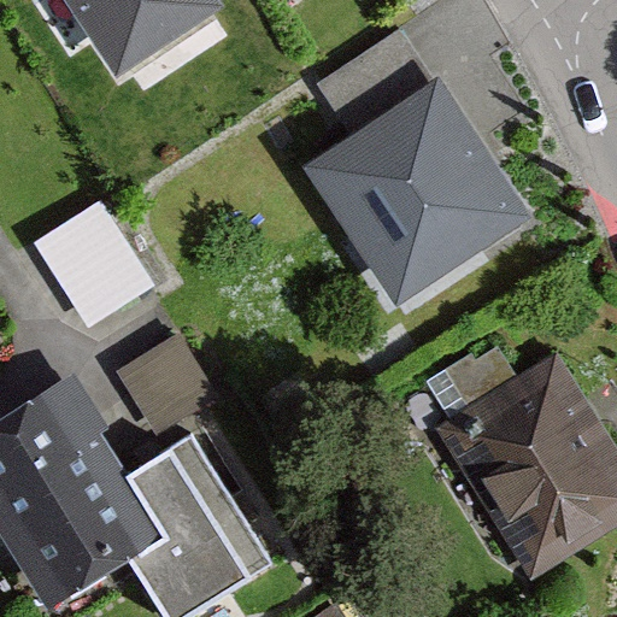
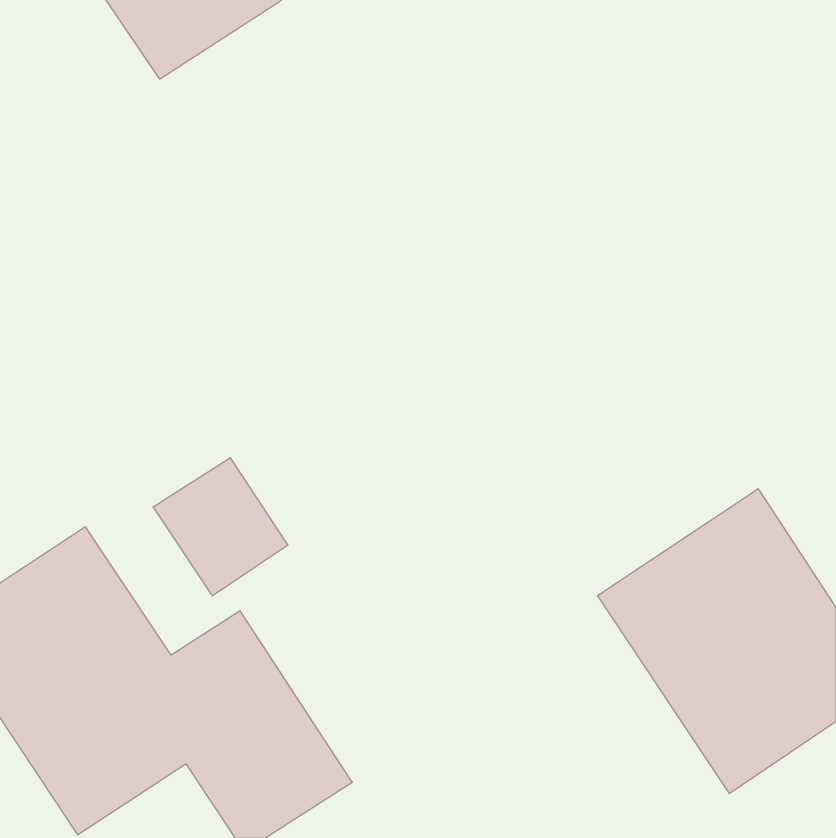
building: [317,87,529,298] -> none
building: [36,183,158,312] -> none

